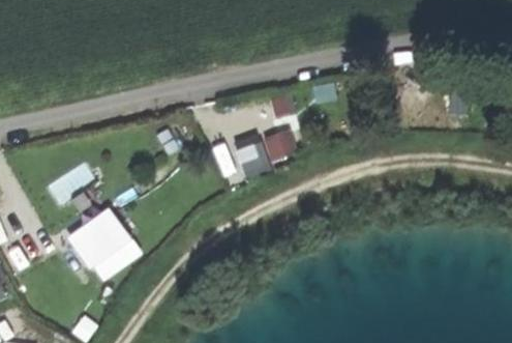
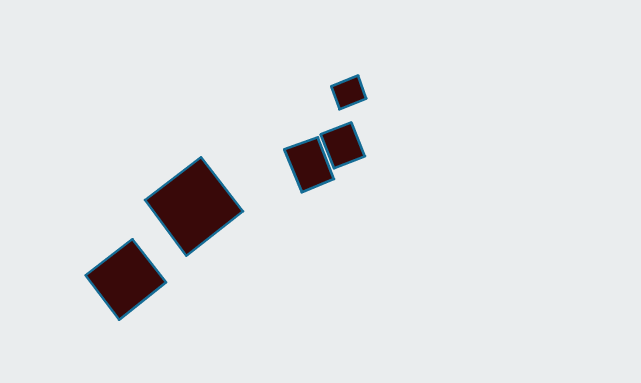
building: none -> [145,157,243,256]

